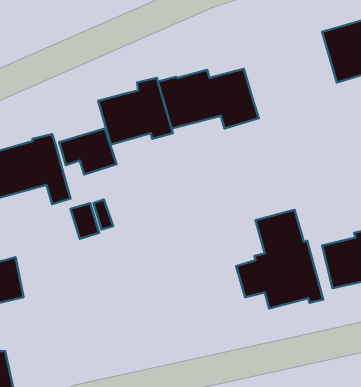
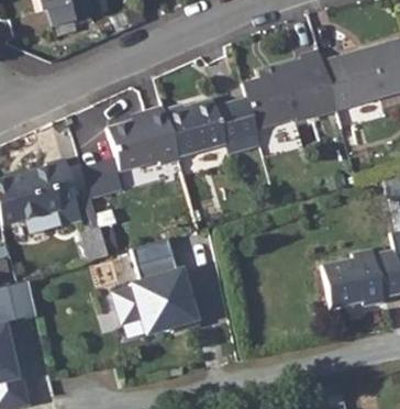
building: none -> [244,49,337,128]
building: [236,210,323,309] -> [114,237,198,332]

